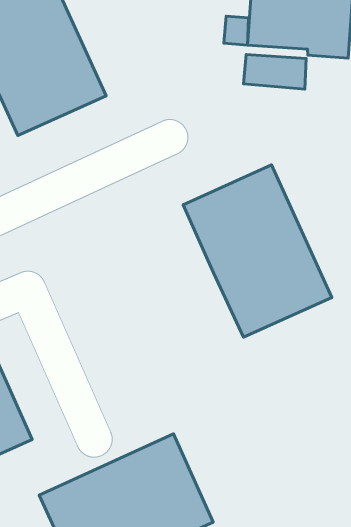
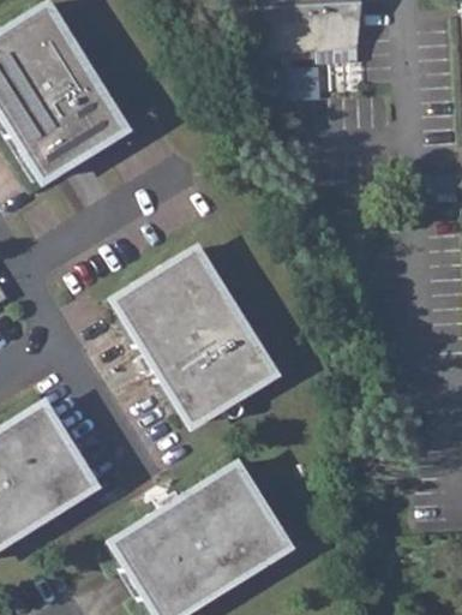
building: [183,165,332,337] -> [118,249,280,426]

